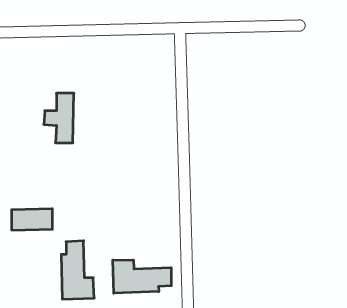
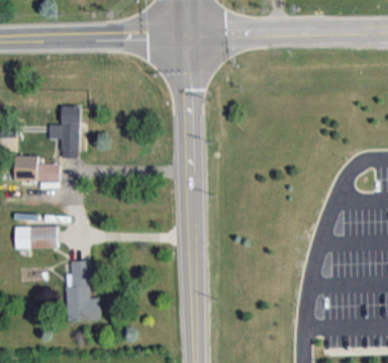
building: none -> [14,157,59,181]
building: [113,260,171,293] -> none

